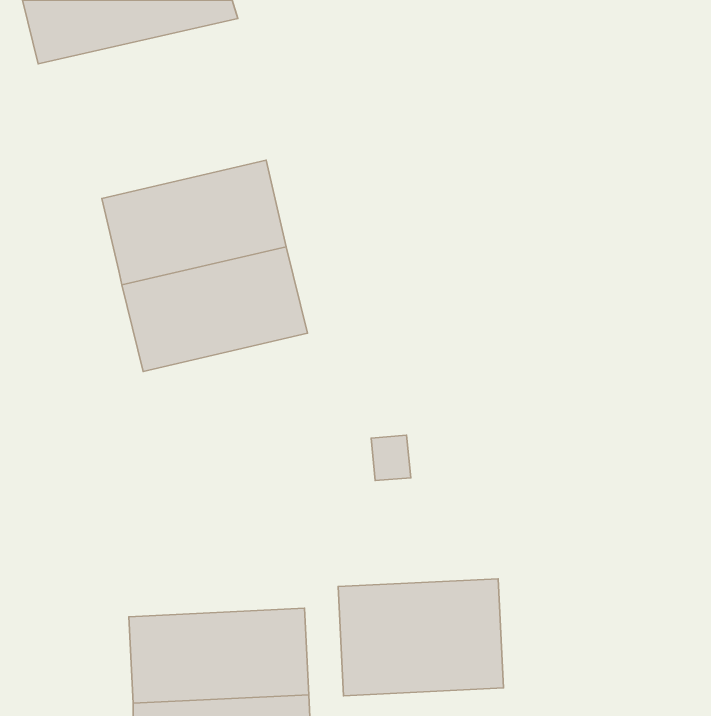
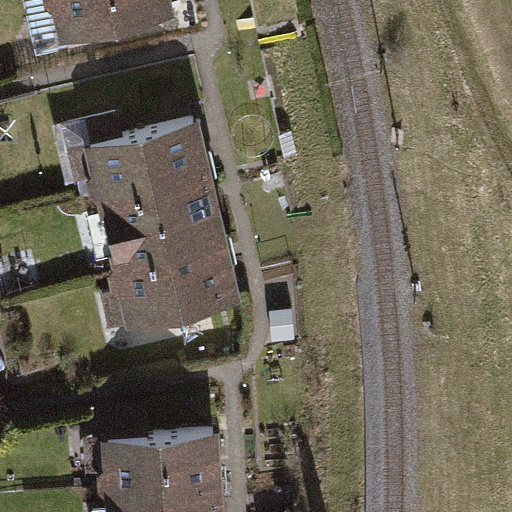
building: none -> [110,241,240,329]
building: [338,579,503,696] -> none

